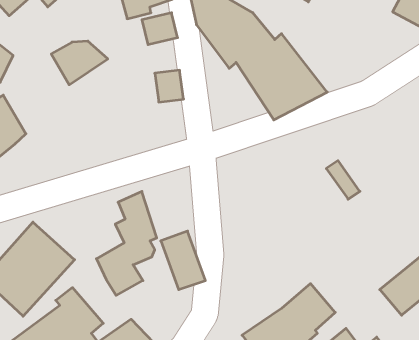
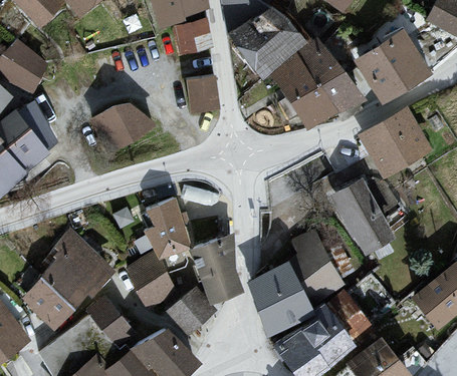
building: none -> [364,28,437,97]
building: [51,41,108,85] -> [93,108,151,152]
building: none -> [362,112,428,175]
building: none -> [333,183,395,255]
building: none -> [251,234,340,331]
building: none -> [170,291,214,334]

